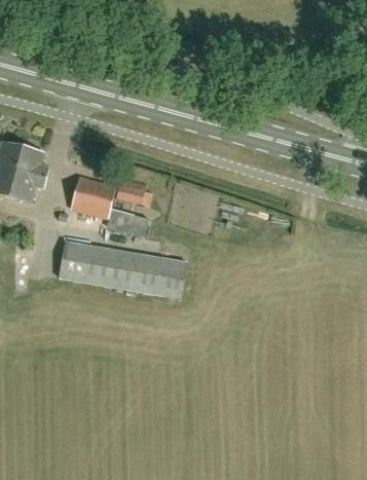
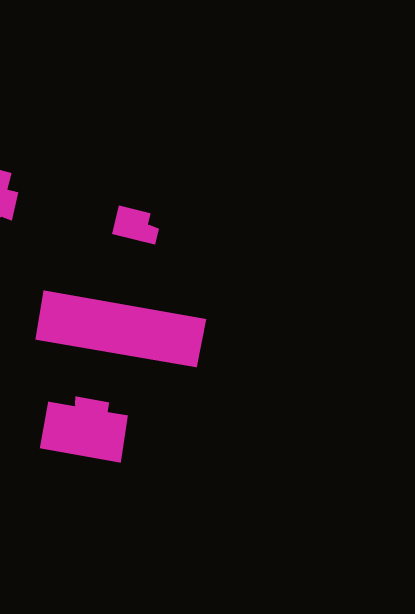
building: [70,177,147,235] -> none
building: none -> [39,396,128,463]

